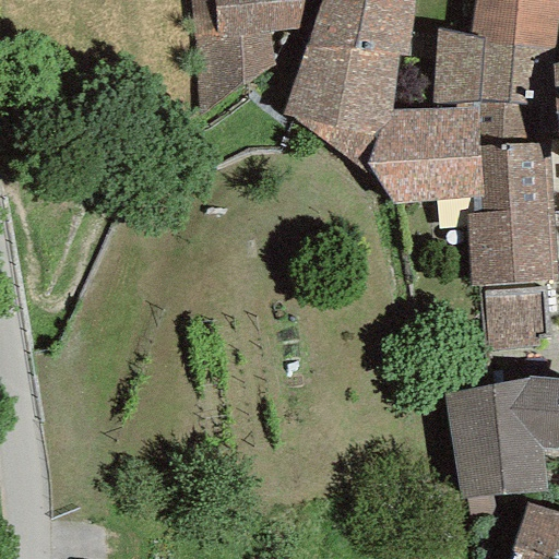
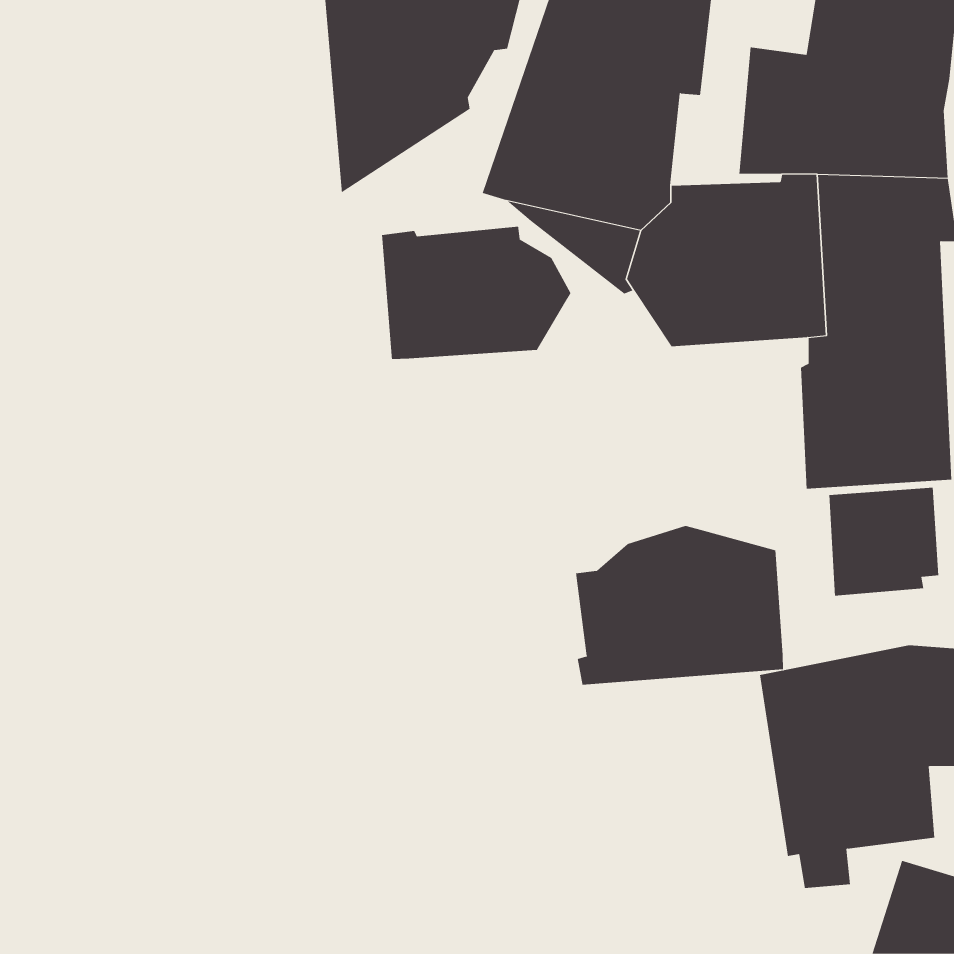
building: none -> [381,226,571,360]
building: none -> [576,525,784,686]

